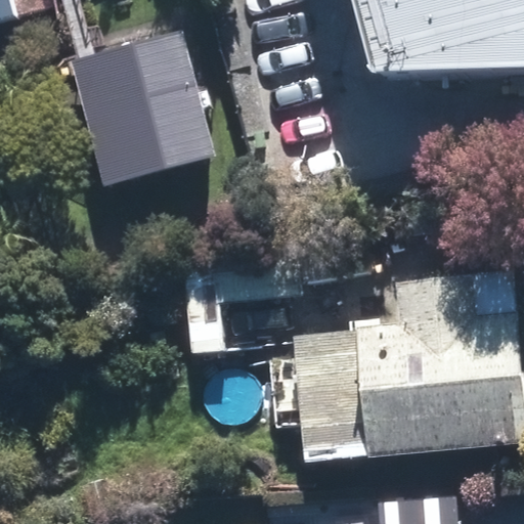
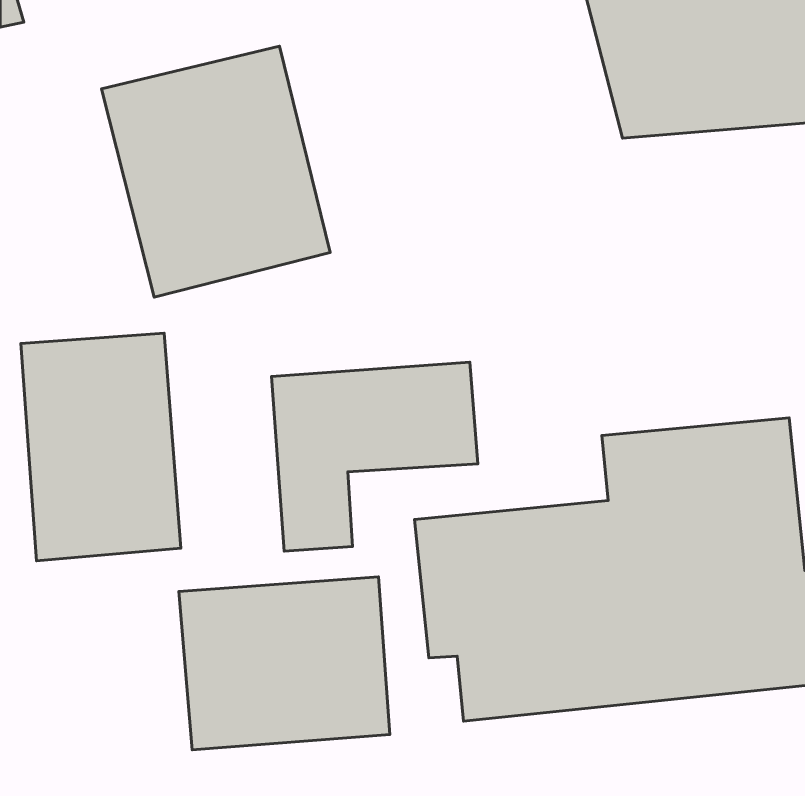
building: none -> [21,333,181,561]
building: none -> [179,577,390,750]

